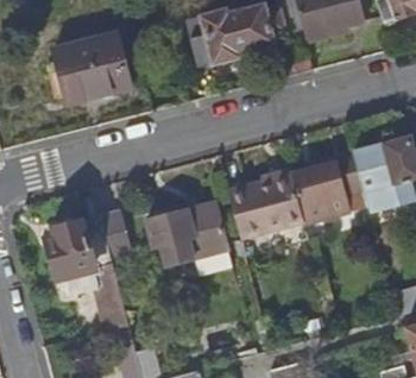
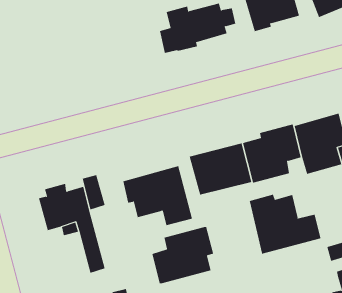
building: [53,34,131,99] -> none
building: none -> [249,194,321,254]
building: none -> [152,226,214,284]

